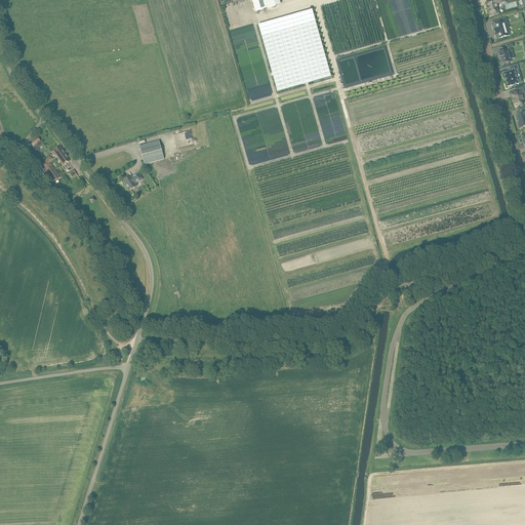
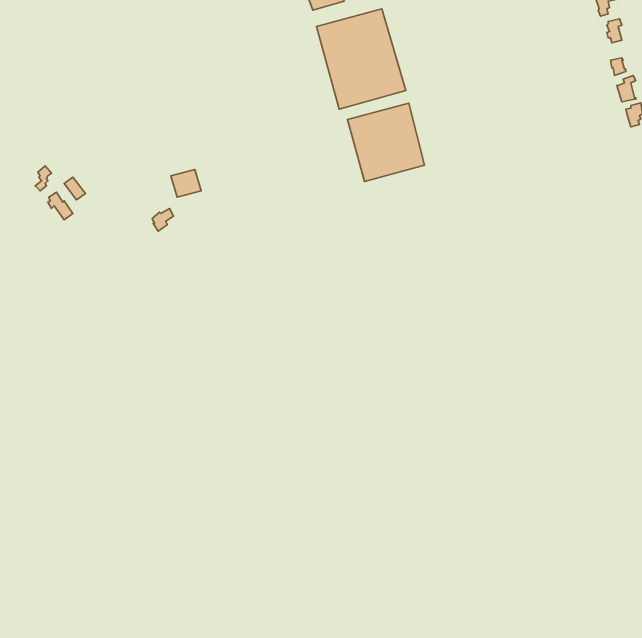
building: none -> [347,103,424,182]

